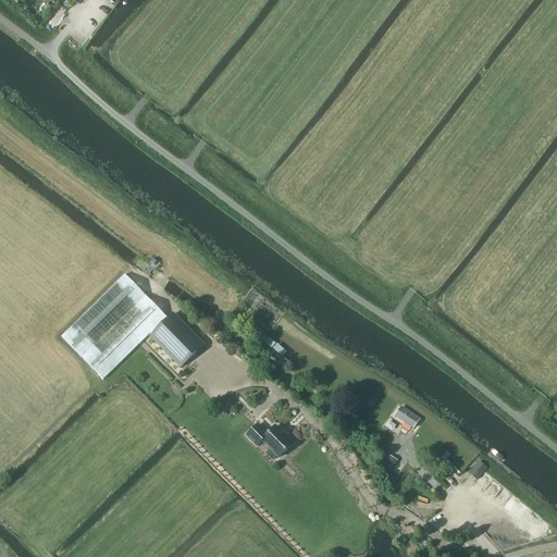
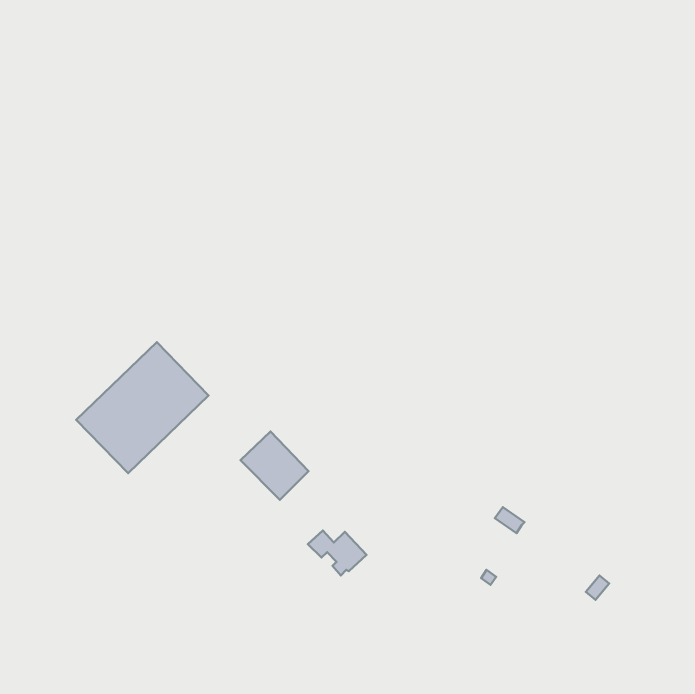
building: [149,311,203,366] -> [240,432,309,500]

